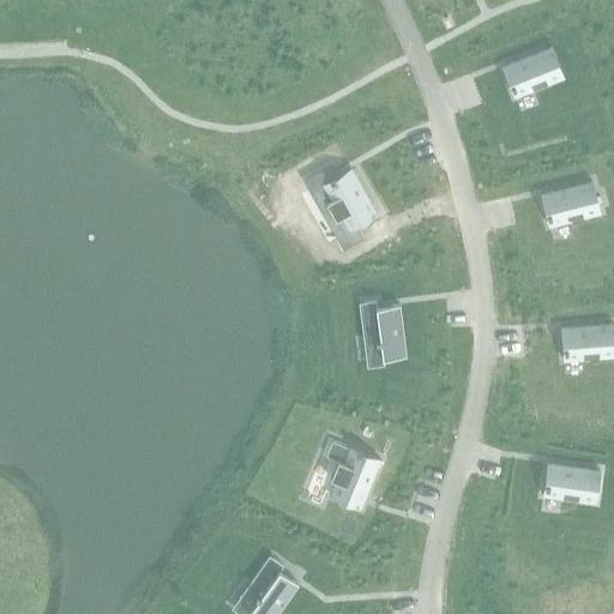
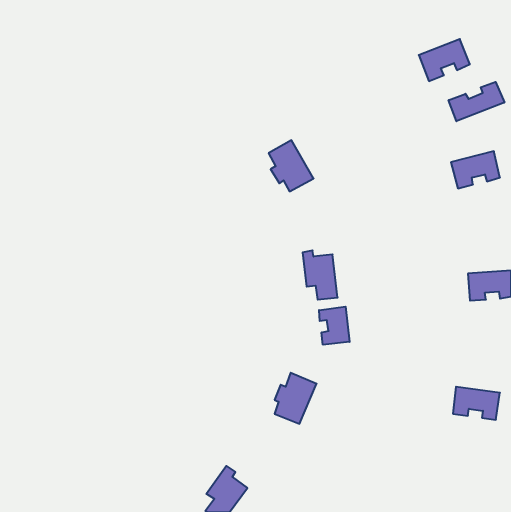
building: none -> [449,82,504,121]
building: none -> [319,307,350,345]

